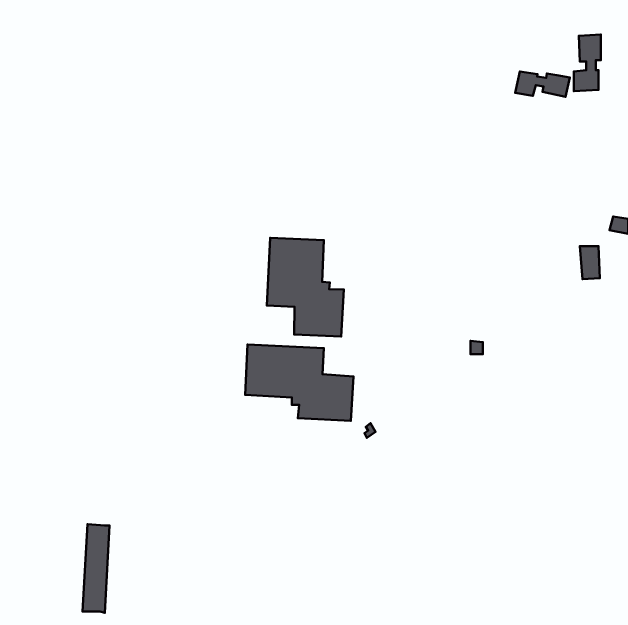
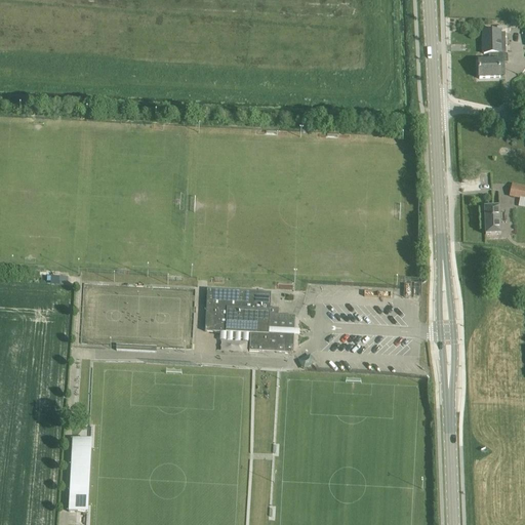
building: [515,71,570,97] -> none
building: [267,238,344,336] -> none

